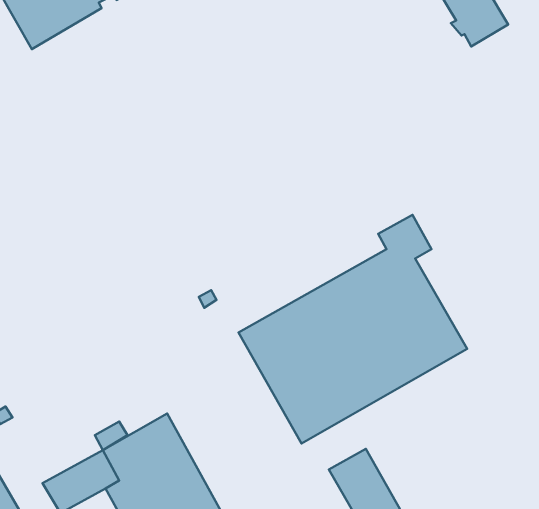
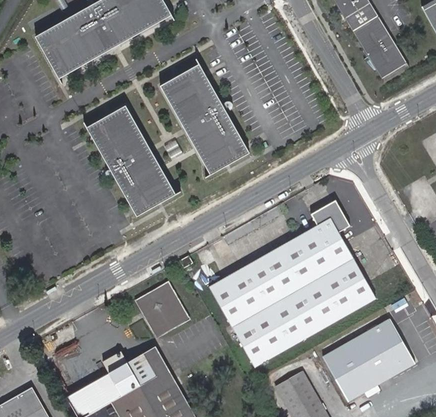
building: none -> [160,62,250,173]
building: none -> [86,104,176,215]
building: none -> [138,283,188,335]
building: none -> [323,319,415,402]

